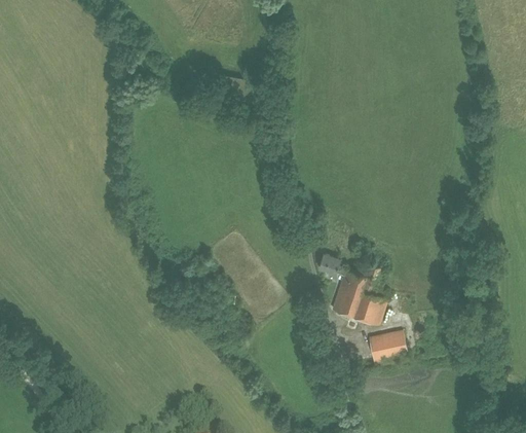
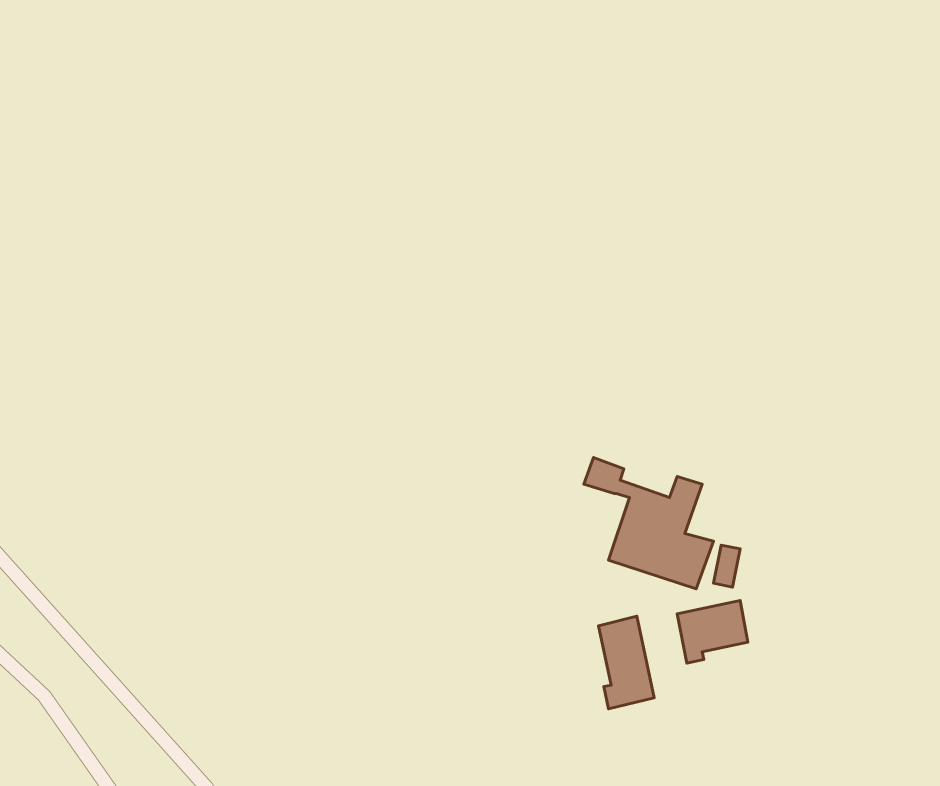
building: none -> [598,616,654,709]

